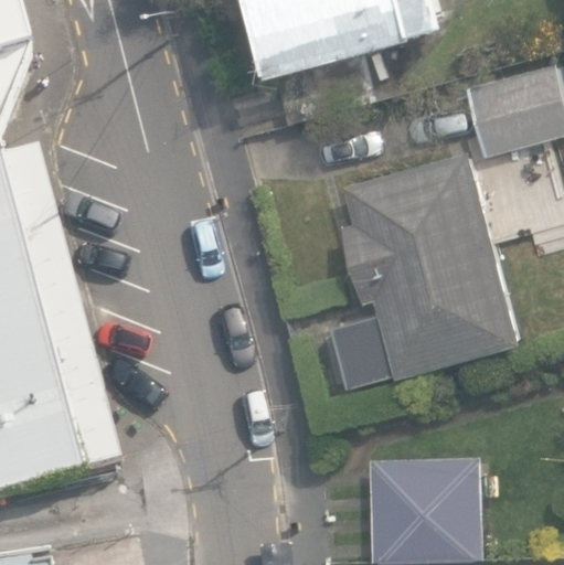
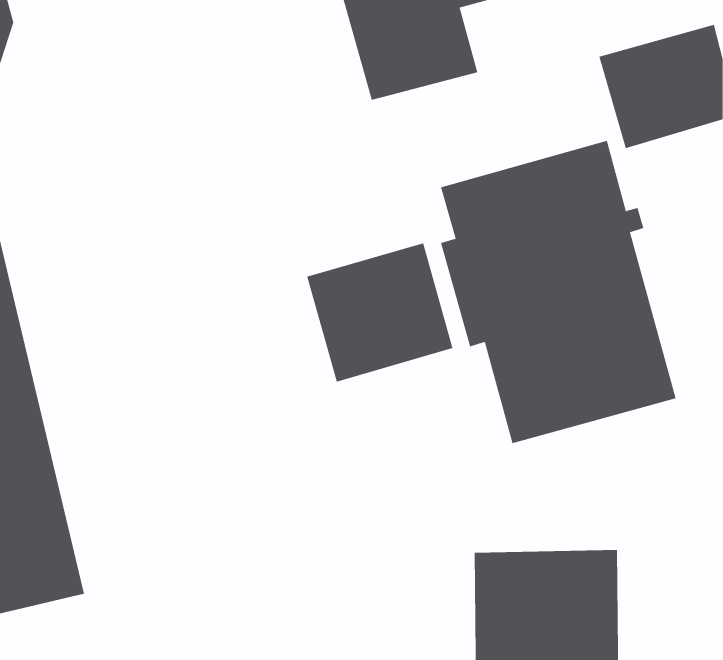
building: none -> [307,243,453,382]

